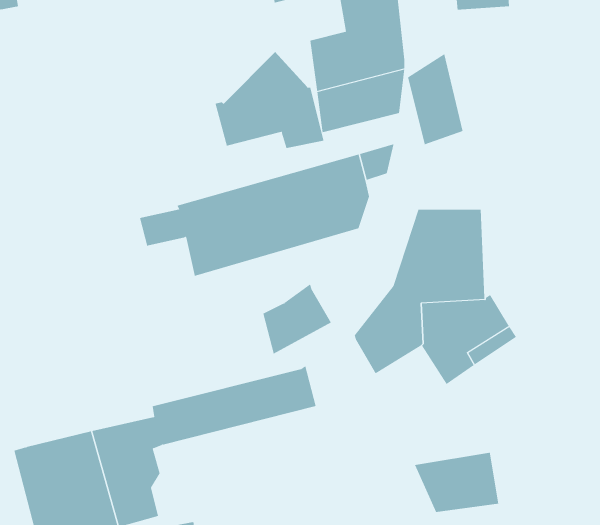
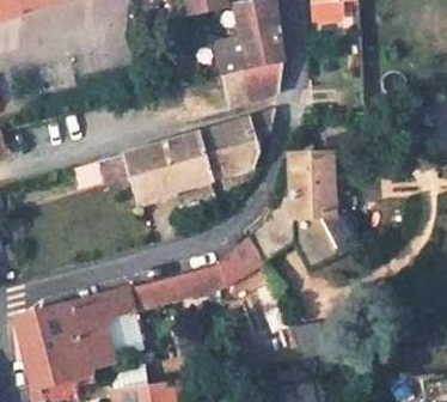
building: [215,51,324,149] -> none
building: [407,53,463,145] -> none
building: [263,283,332,354] -> [214,239,261,287]

